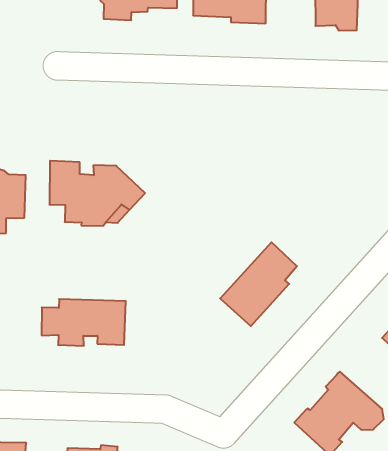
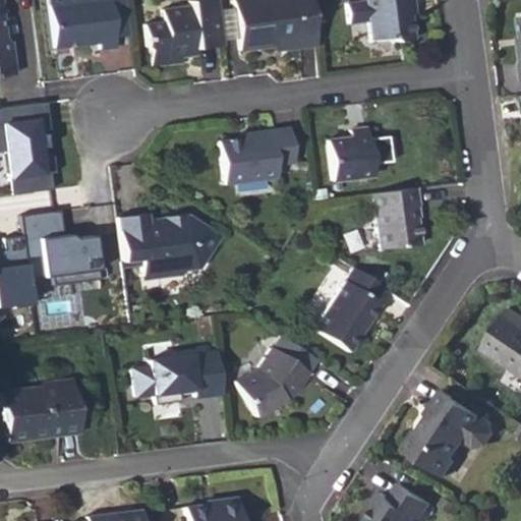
building: none -> [220,126,297,183]
building: none -> [327,129,372,181]
building: none -> [374,186,421,249]
building: none -> [240,350,310,416]

